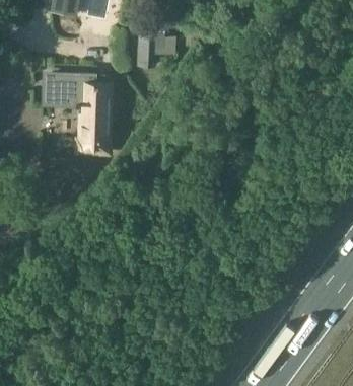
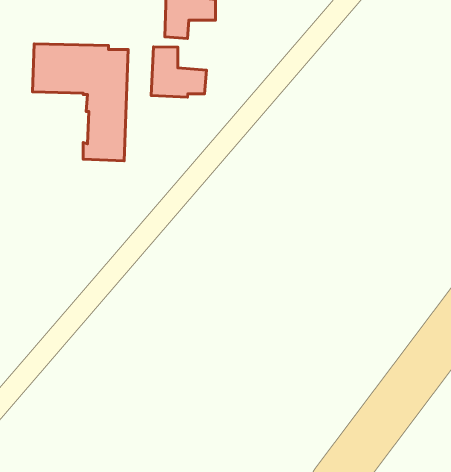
building: none -> [151,47,207,97]

